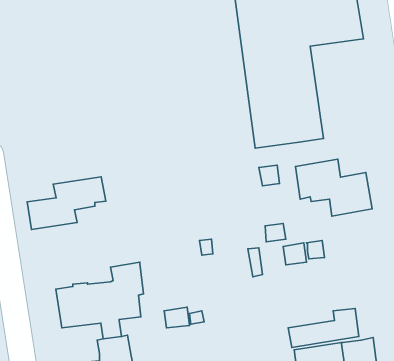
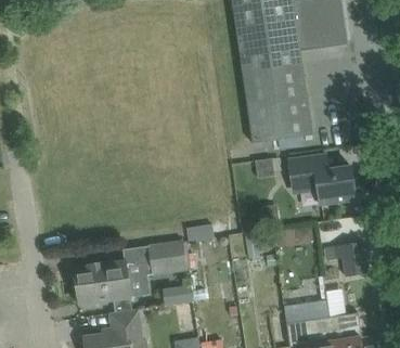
building: [27,177,106,229] -> none
building: none -> [149,242,188,273]
building: none -> [323,242,366,276]

